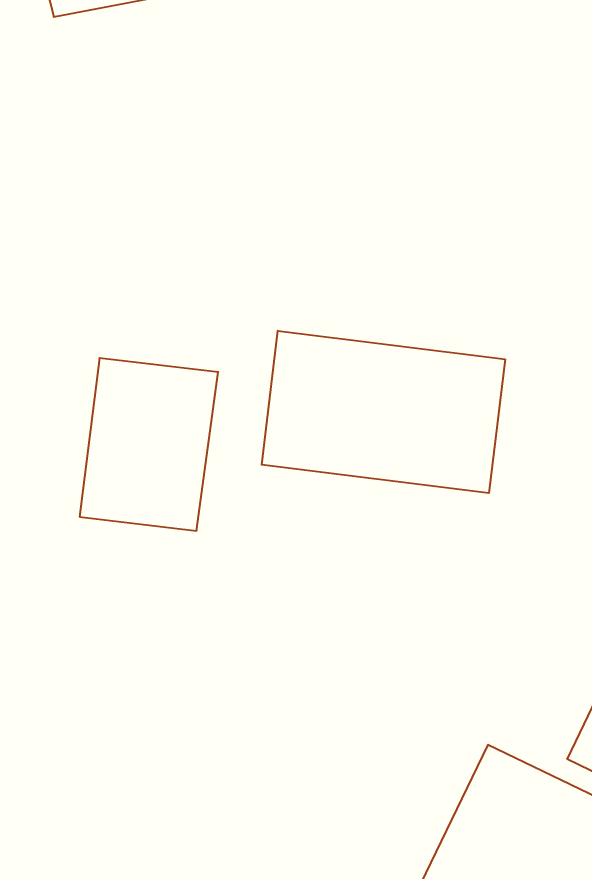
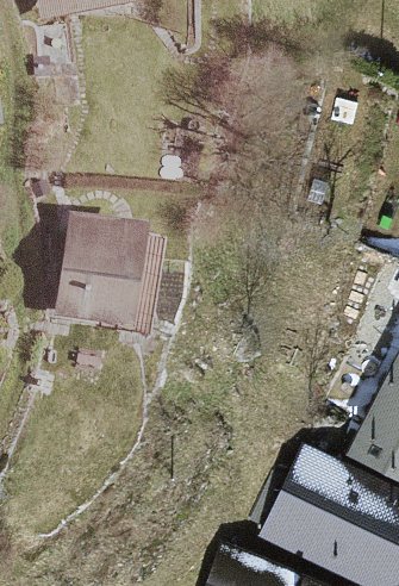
building: [262,331,505,493] -> none

